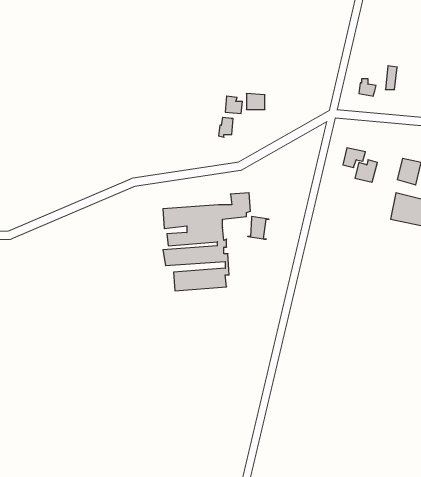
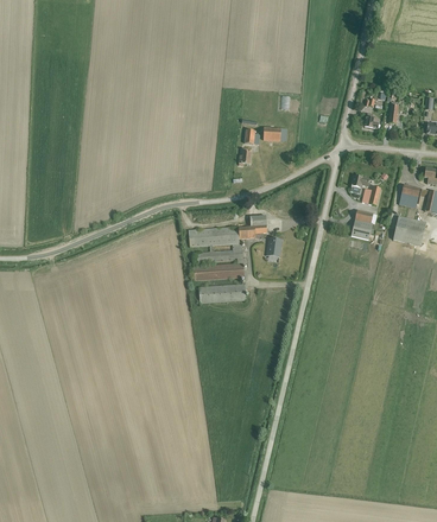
building: none -> [350,210,376,240]

